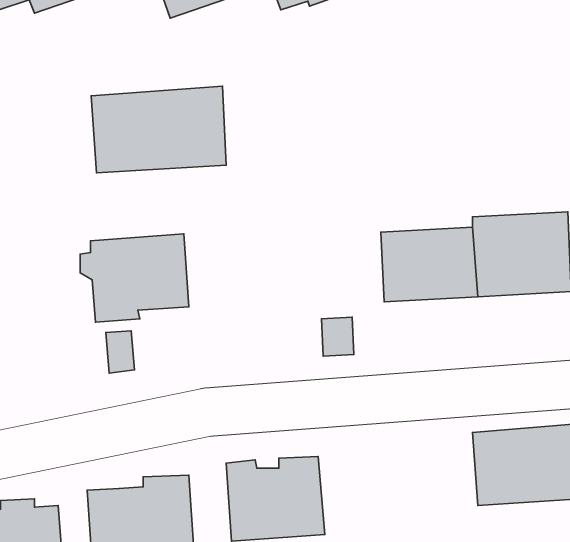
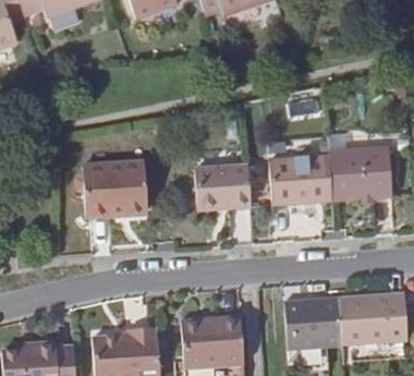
building: [91,86,226,173] -> none
building: none -> [198,168,252,211]
building: none -> [273,290,333,340]

